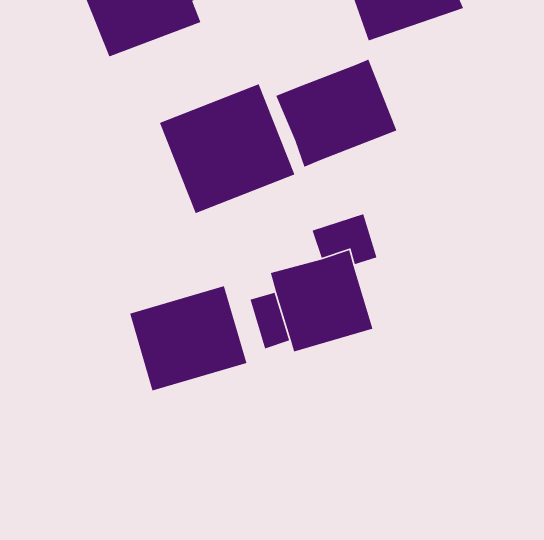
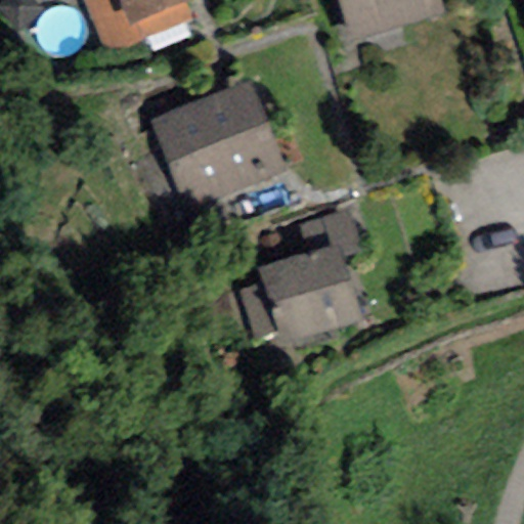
building: [275,59,397,168] -> none
building: [129,285,247,391] -> none

